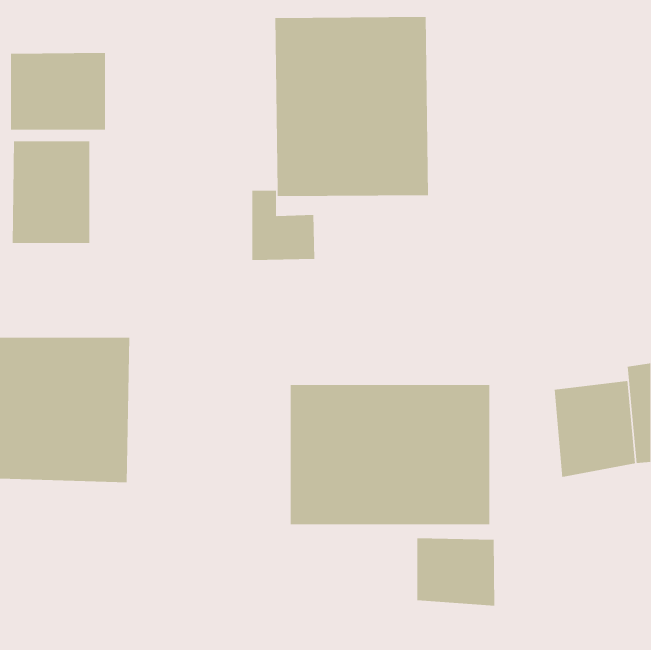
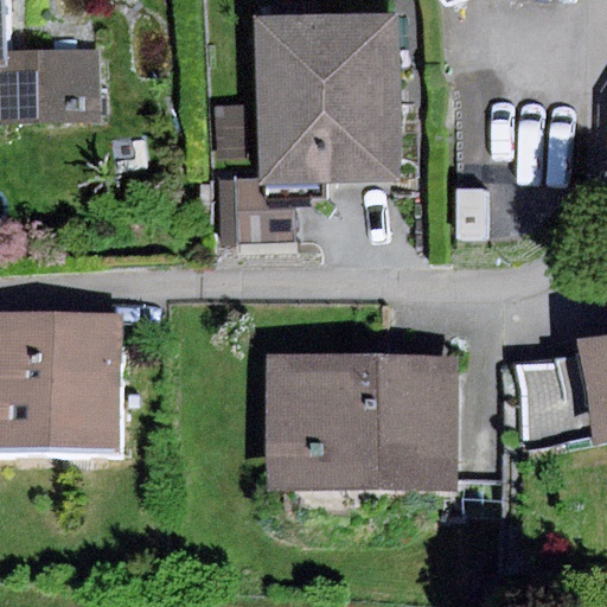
building: [12,141,90,244] -> none
building: [417,537,495,606] -> none

